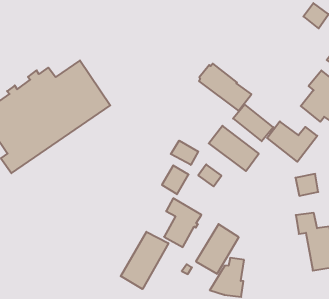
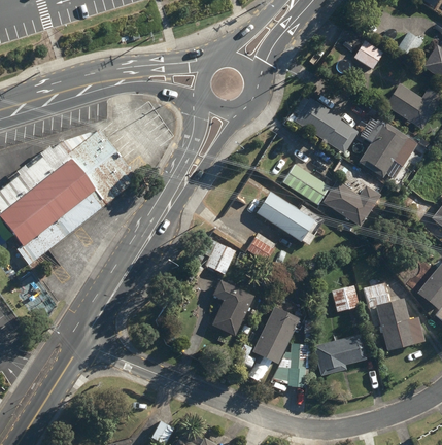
building: [199,64,251,111] -> [293,100,354,152]
building: [171,141,198,165] -> none
building: [295,174,318,196] -> [331,285,359,312]
building: [121,232,168,289] -> none
building: none -> [312,334,366,375]

